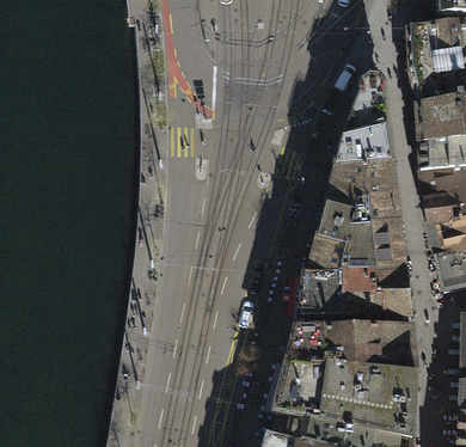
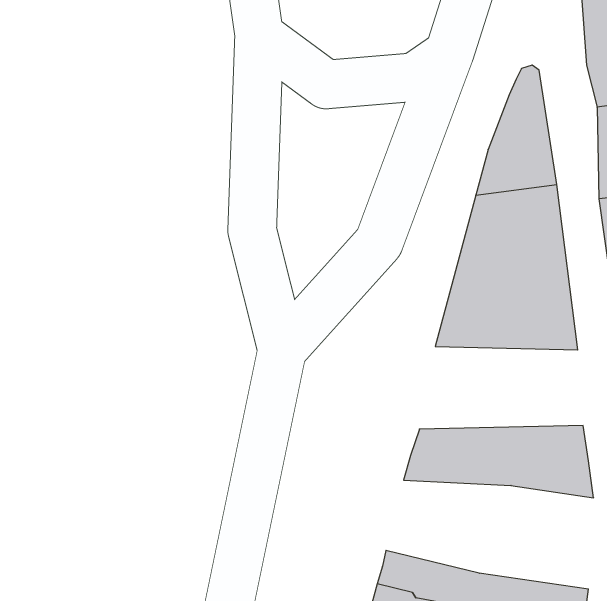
building: [299,270,410,318] -> none
building: [276,361,417,435] -> none

